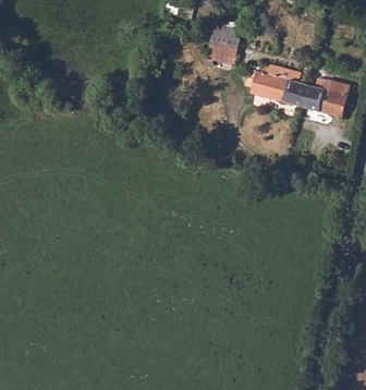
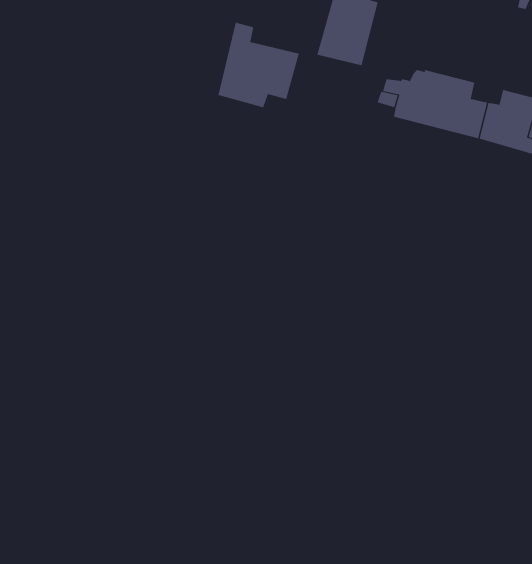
building: none -> [218,22,299,108]

